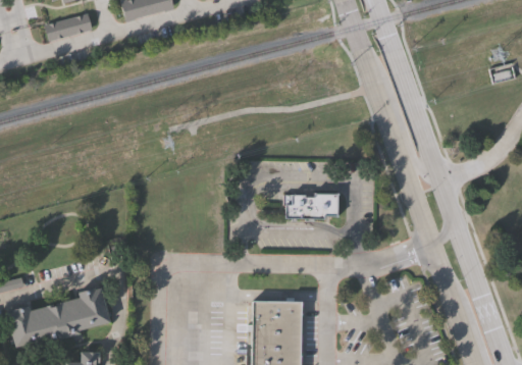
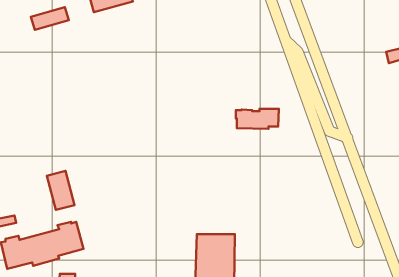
building: [285,192,340,217] -> [236,109,279,129]
building: none -> [47,171,75,210]

